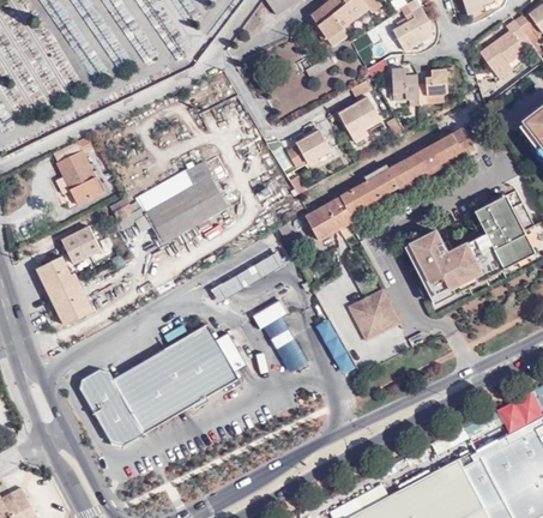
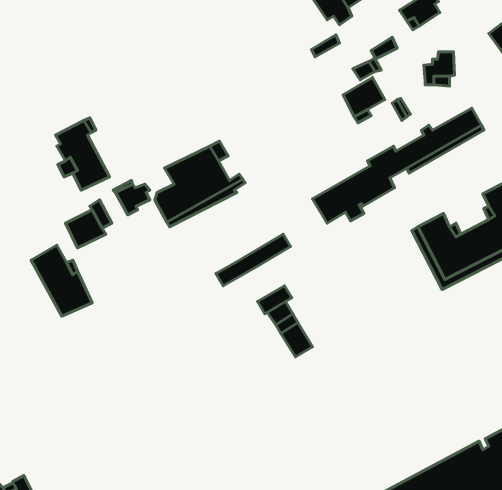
building: [392,68,417,100] -> none
building: [285,130,330,165] -> none
building: [346,288,399,341] -> none
building: [80,324,237,442] -> none

